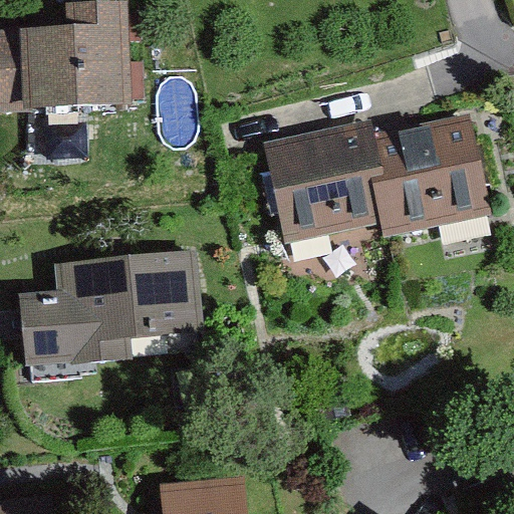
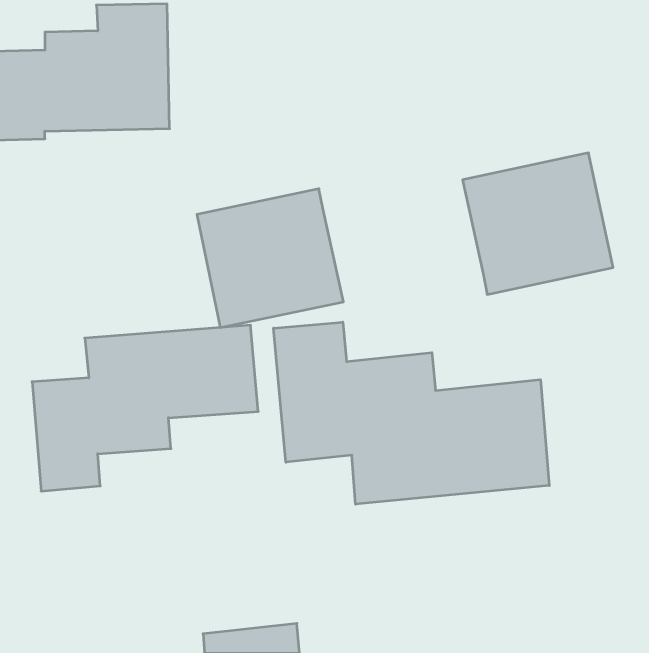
building: [263,125,377,234] -> [197,189,343,328]
building: none -> [274,322,549,504]

